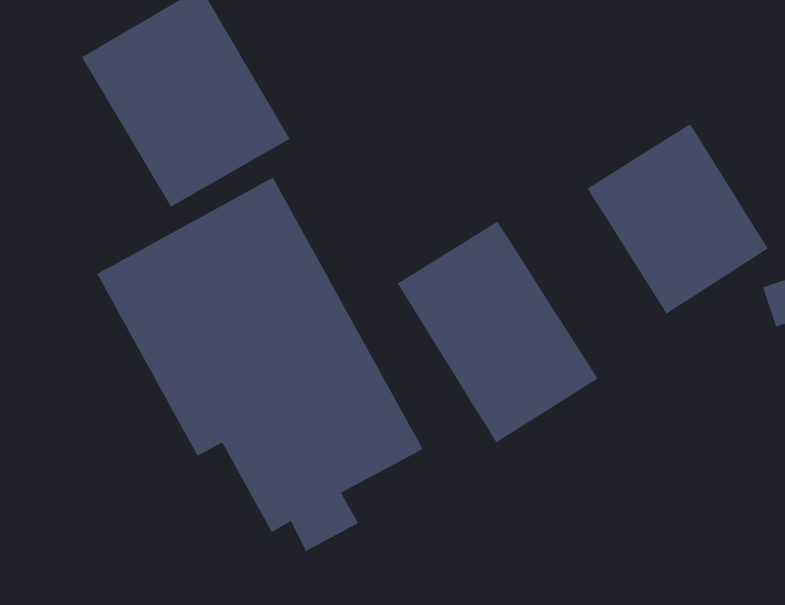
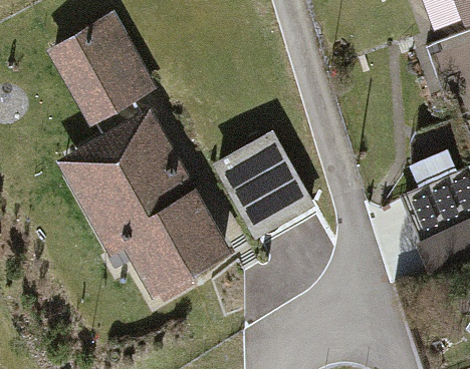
building: [587,123,768,315] -> none

